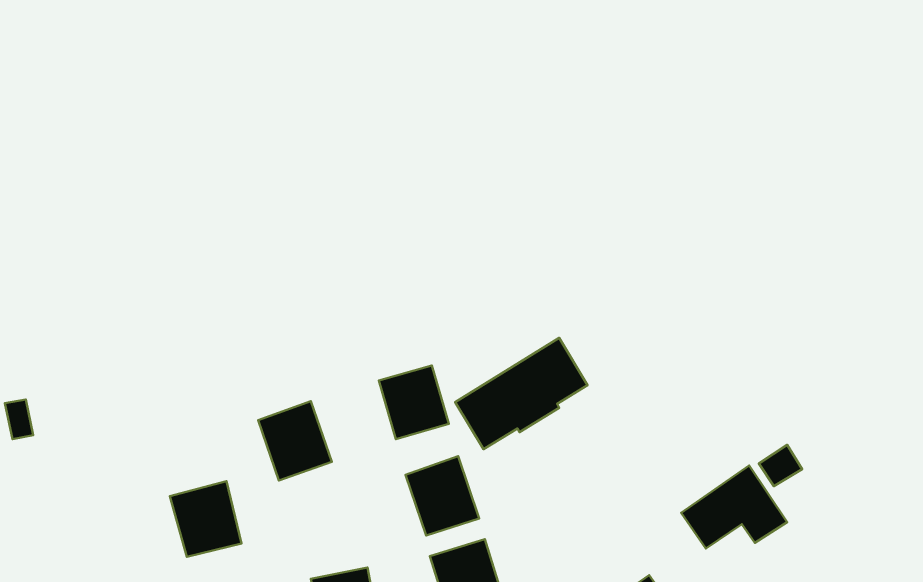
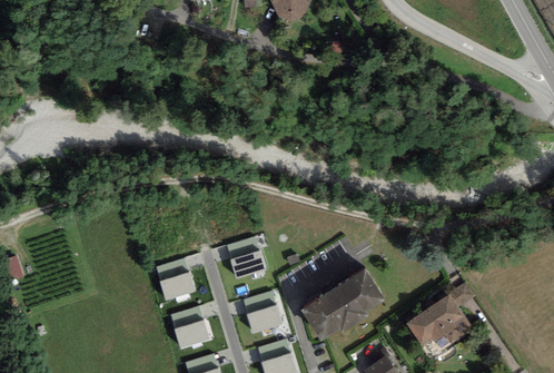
building: [455,338,587,449] -> [300,268,378,334]
building: [170,481,242,557] -> [171,305,214,350]

